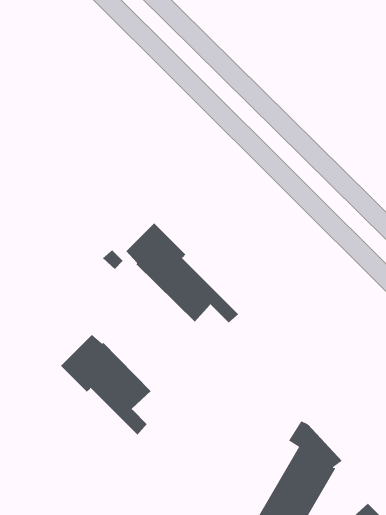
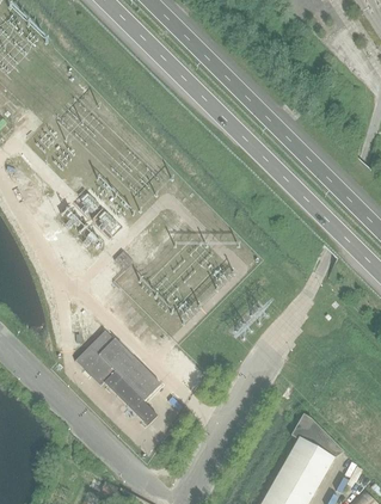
building: [126,223,239,323] -> none

